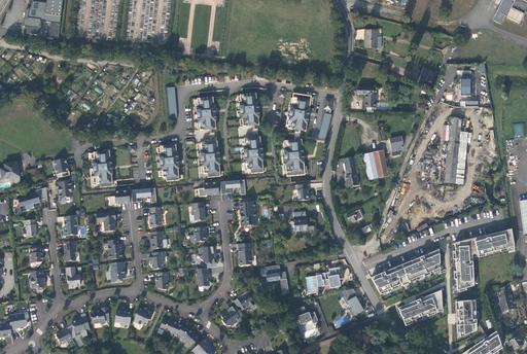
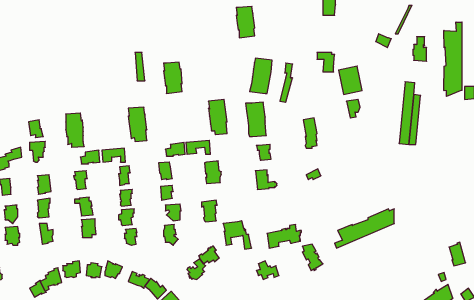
building: none -> [444,22,462,96]
building: [240,93,259,126] -> [236,6,255,38]
building: [201,140,220,177] -> none
building: [363,149,388,179] -> [339,66,362,94]
building: [454,228,515,289] -> none
building: [399,289,443,323] -> none
building: [458,299,477,337] -> none

